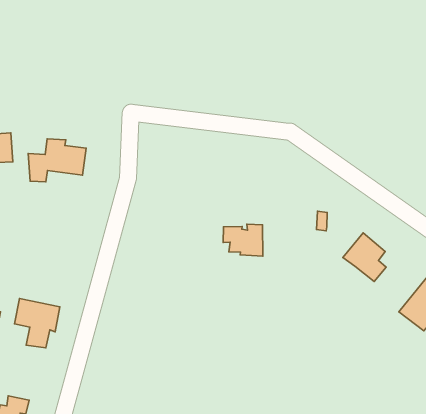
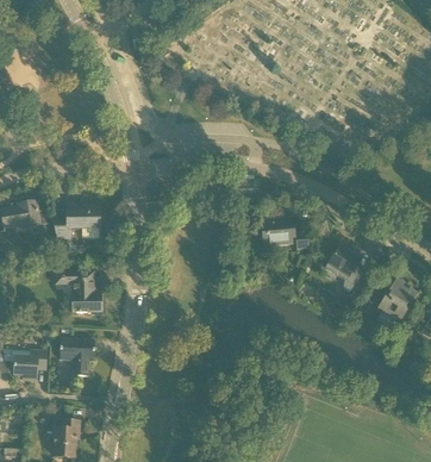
building: none -> [56,271,102,313]
building: [223,224,263,256] -> [261,218,296,245]

